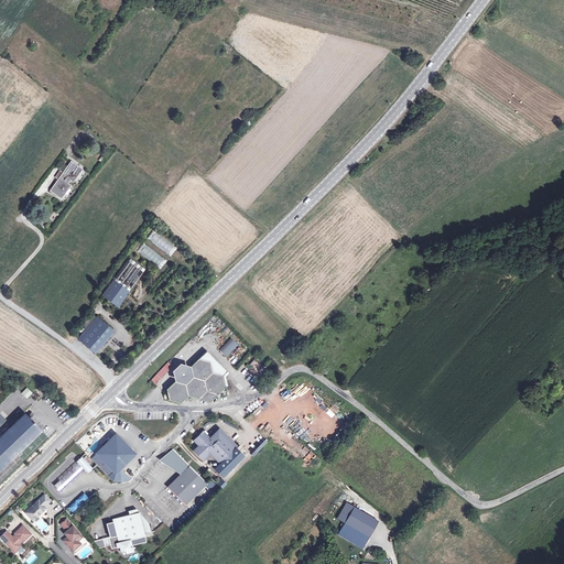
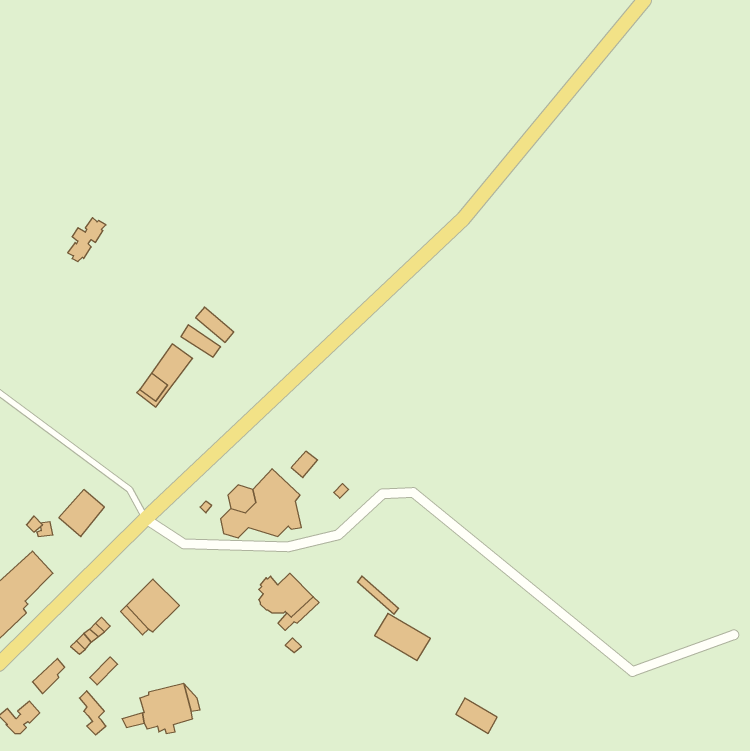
building: [78,316,112,351] -> [59,490,104,537]
building: [158,448,206,506] -> none
building: [340,502,382,538] -> [375,613,430,661]

